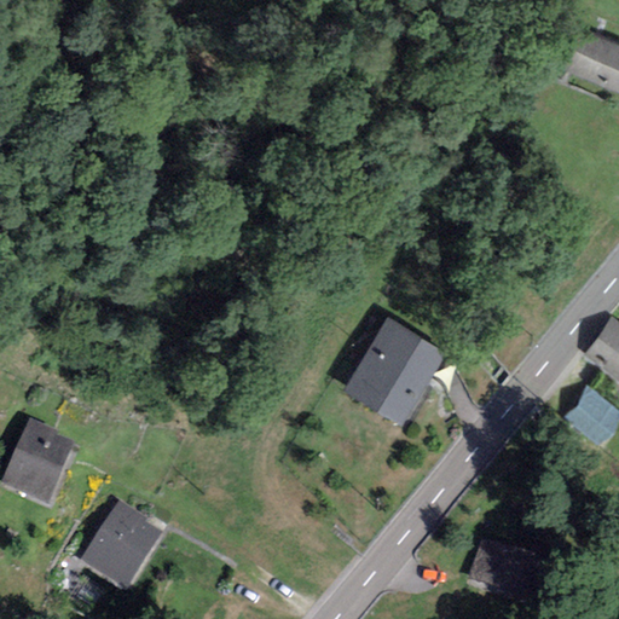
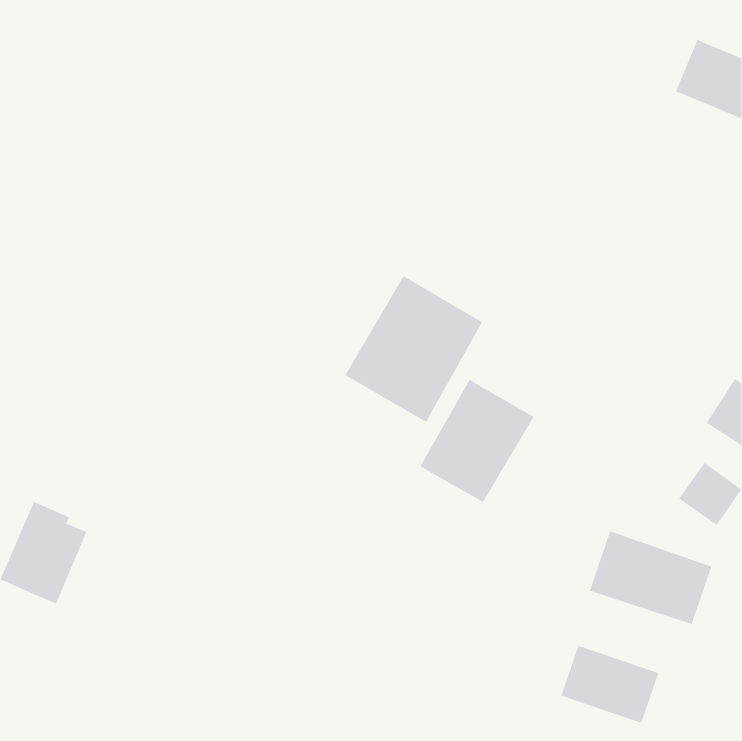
building: none -> [344,275,483,423]
building: none -> [589,531,712,625]
building: [76,498,162,591] -> none

